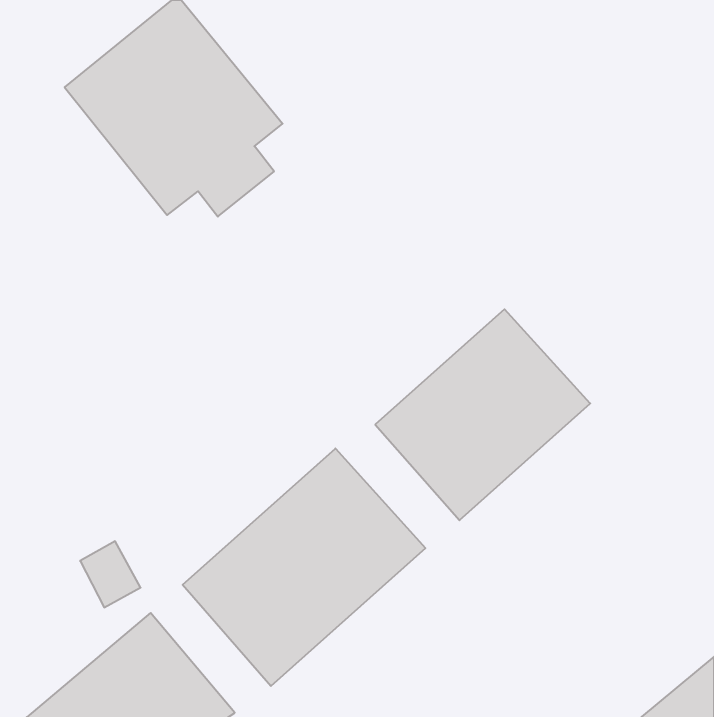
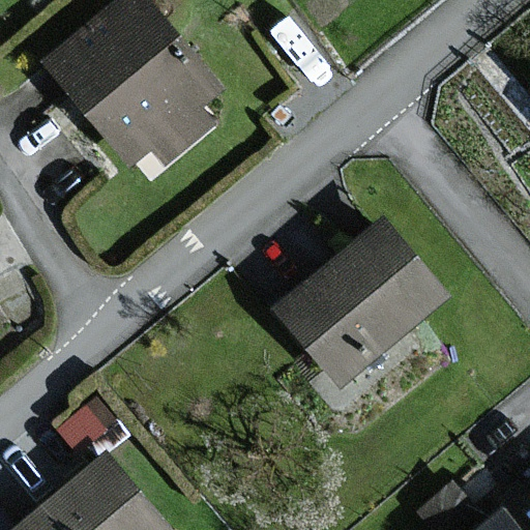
building: [183,448,425,686] -> none

